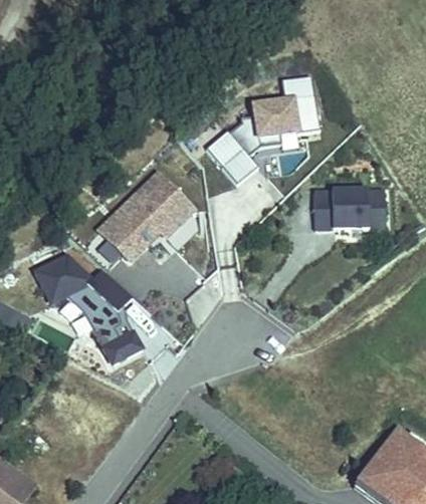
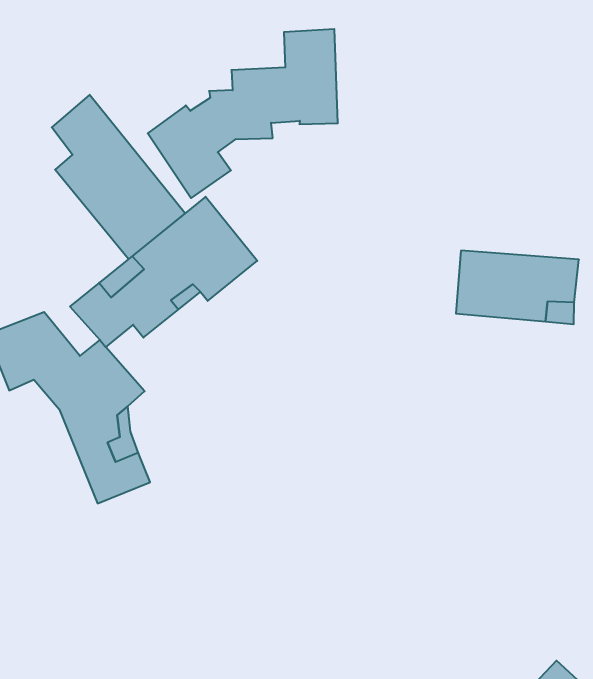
building: [206,73,320,184] -> [148,29,338,198]
building: none -> [52,95,185,259]

